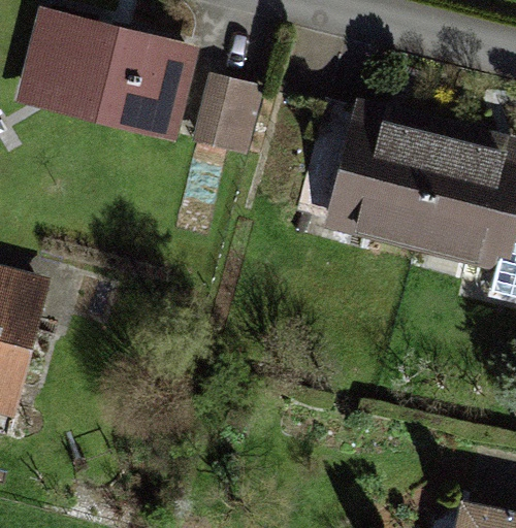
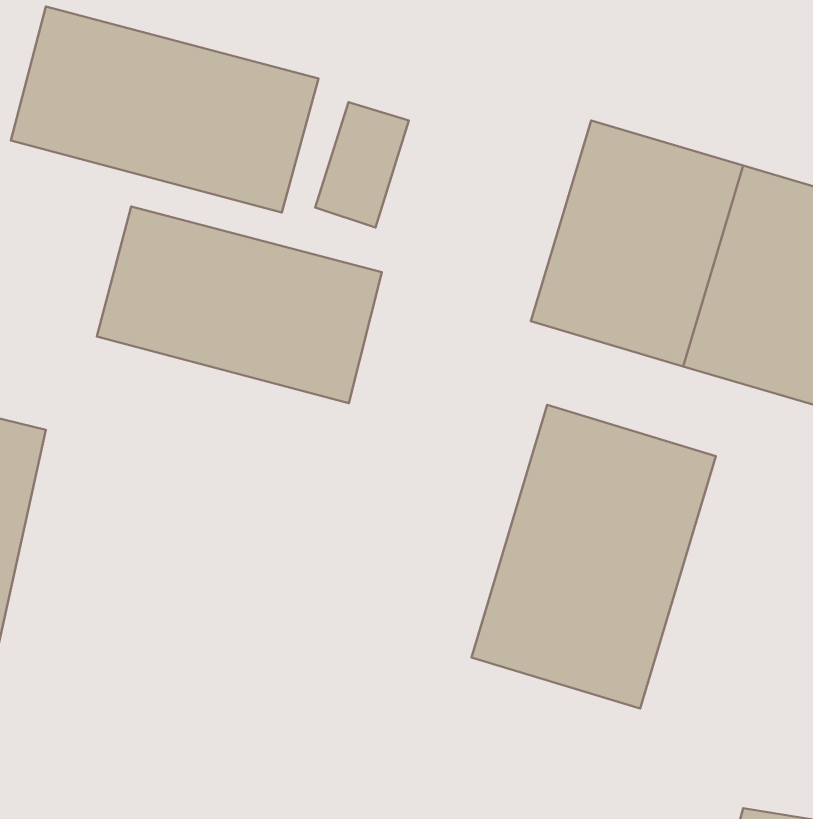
building: none -> [97,206,382,403]
building: none -> [472,405,716,709]

